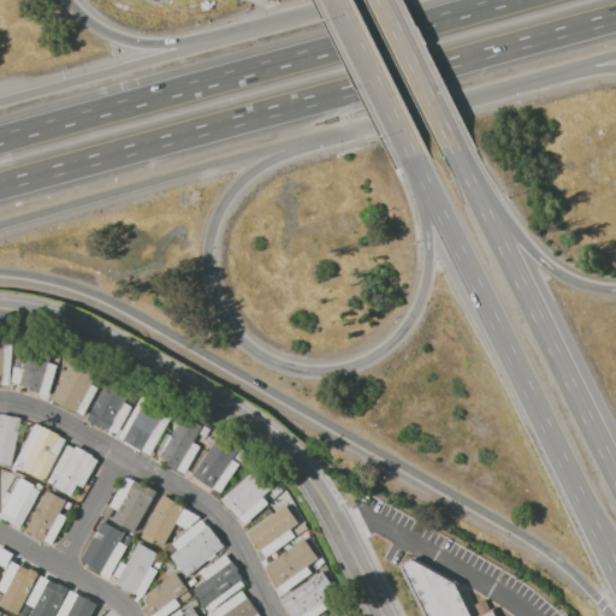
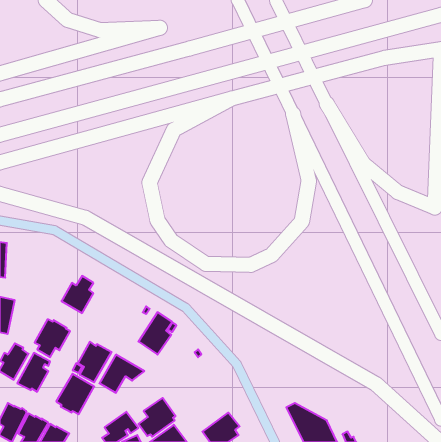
building: [13,346,49,393] -> none
building: [51,360,99,415] -> none
building: [118,396,172,455] -> none
building: [159,416,201,474] -> none
building: [17,424,66,481] -> none
building: [221,468,271,525] -> none
building: [247,504,298,557] -> none
building: [168,519,224,578] -> none
building: [265,538,318,593] -> none
building: [112,544,156,597] -> none

